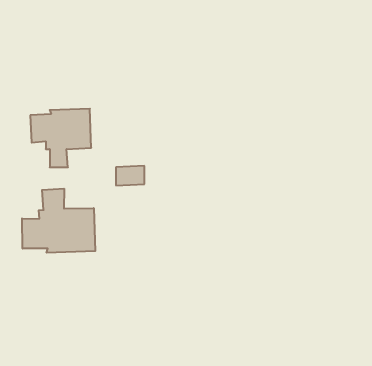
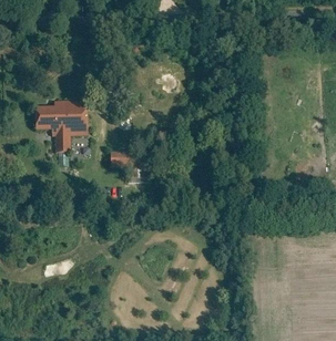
building: [22,189,95,253] -> none

